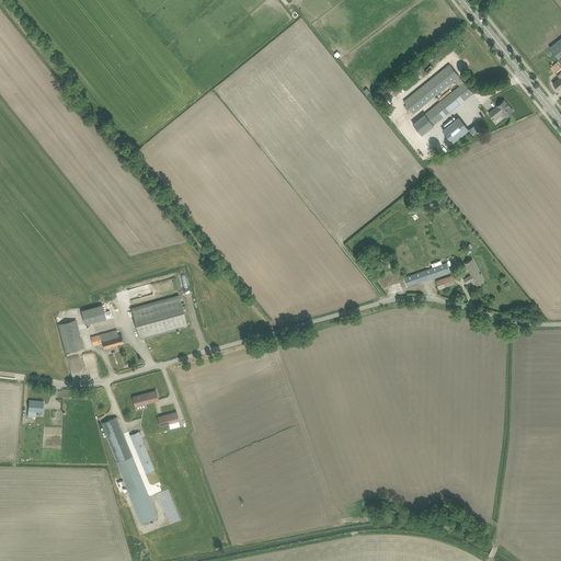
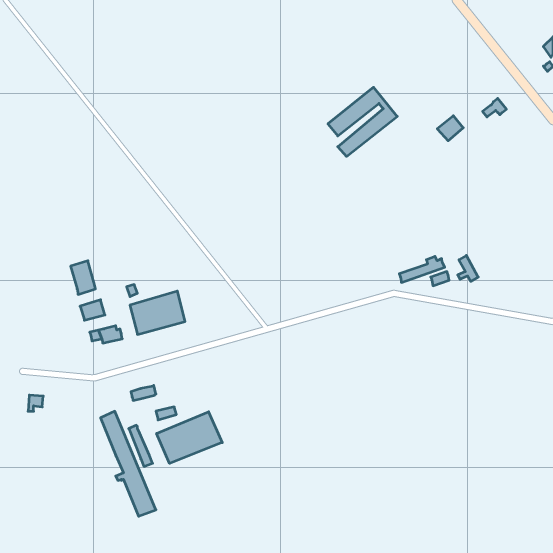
building: [403,64,473,134] -> [328,87,397,156]
building: [58,319,83,353] -> [71,261,95,294]
building: none -> [157,412,222,463]

